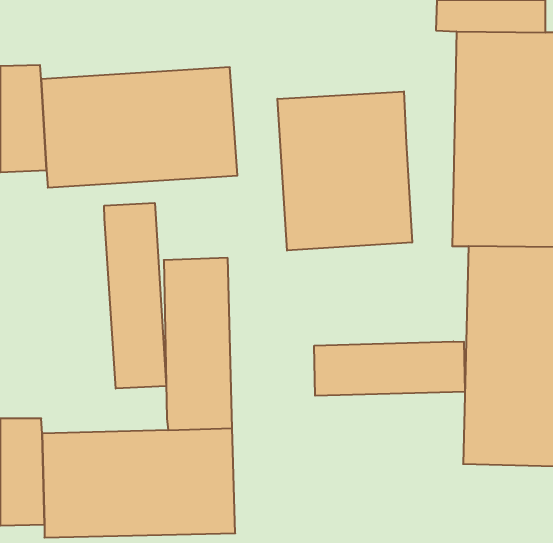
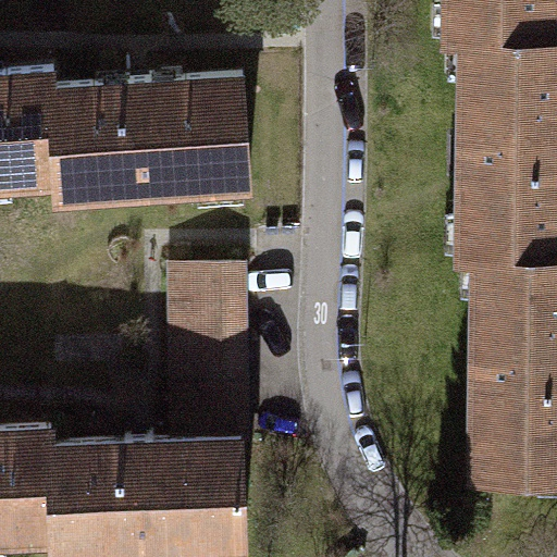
building: [277,91,412,251] -> none
building: [104,203,166,389] -> none
building: [314,341,465,396] -> none

